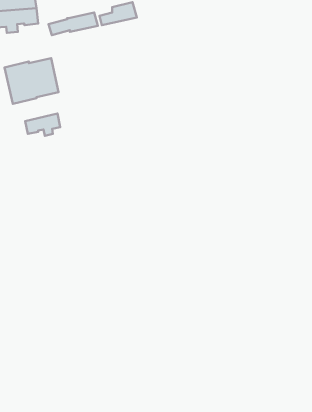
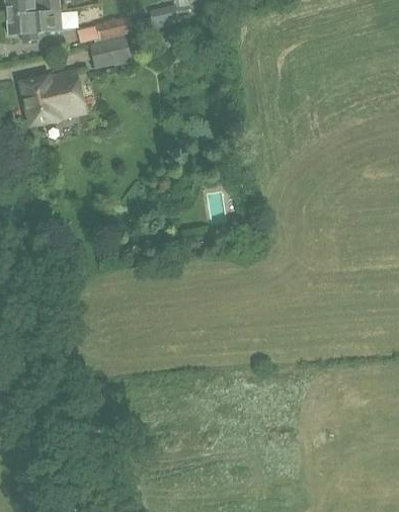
building: none -> [89,35,133,69]
building: [25,114,60,136] -> none

